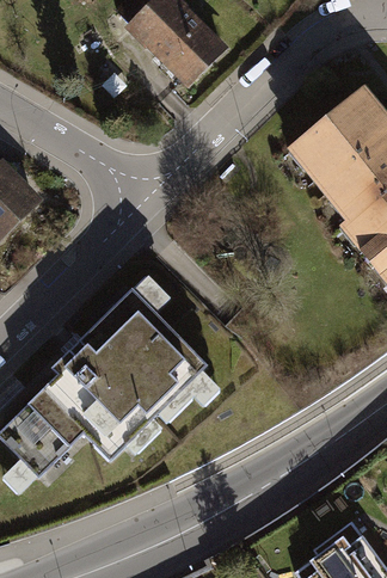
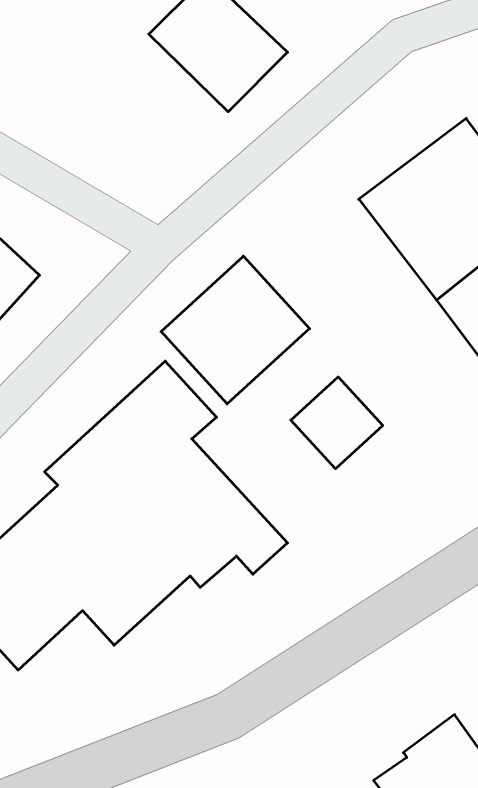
building: none -> [161,256,310,404]
building: none -> [291,377,383,469]

